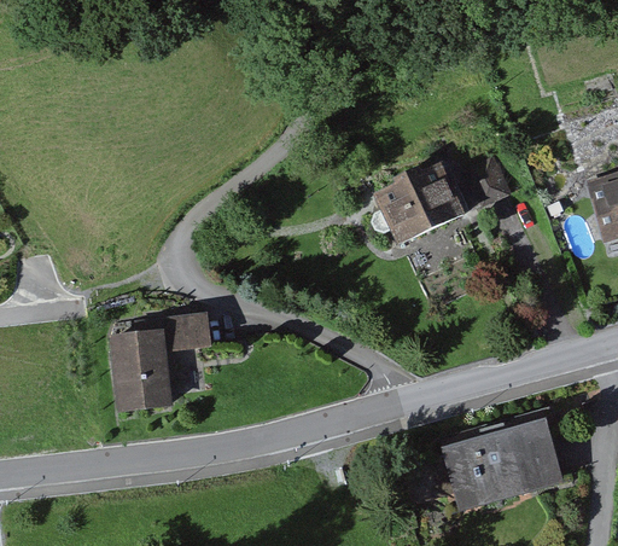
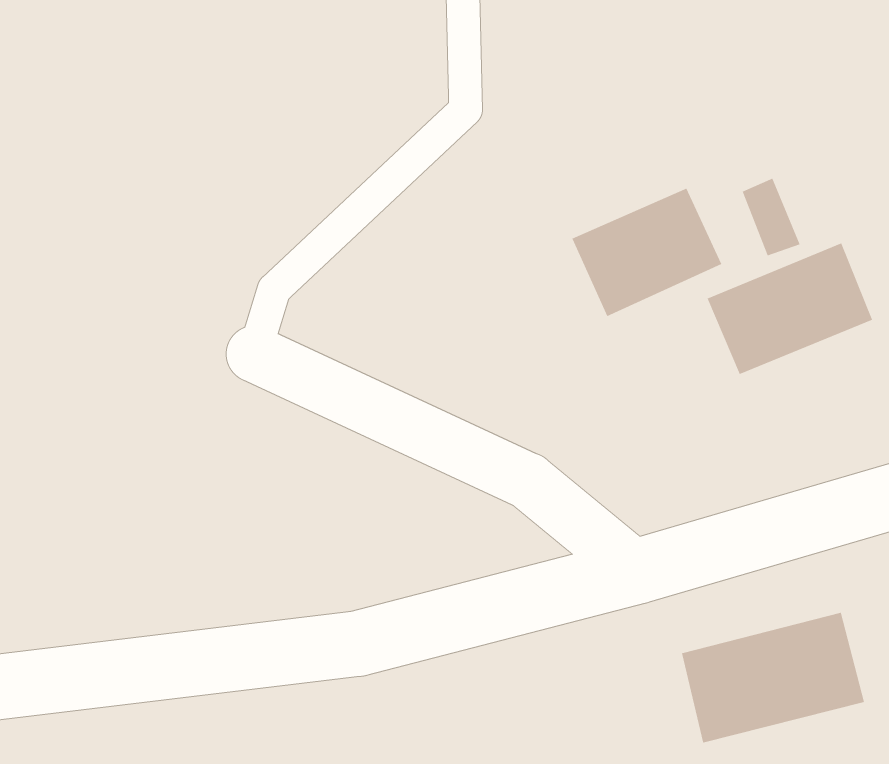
building: none -> [707,243,873,375]
building: [111,313,214,410] -> none

